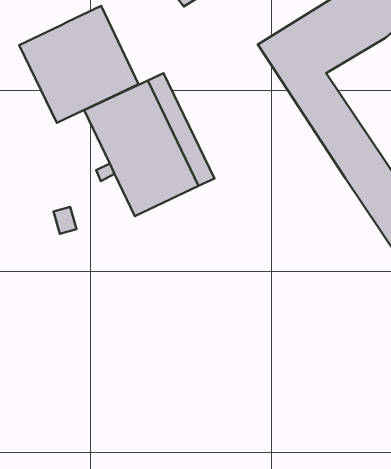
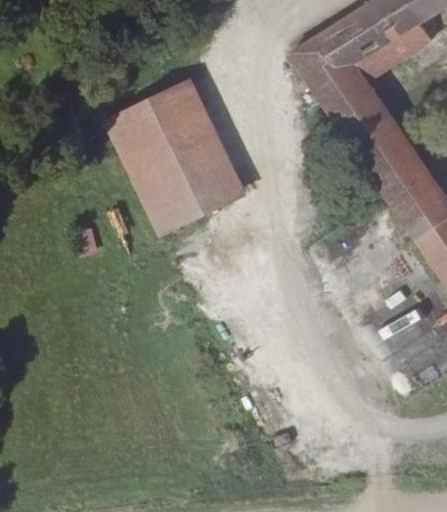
building: [19,6,139,123] -> none

